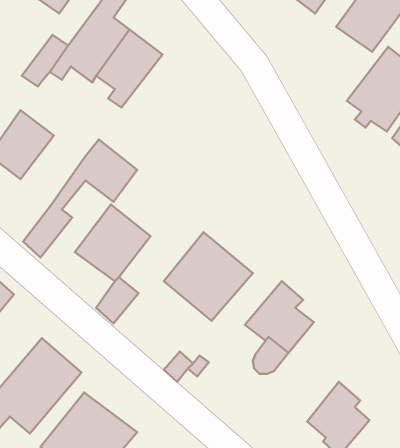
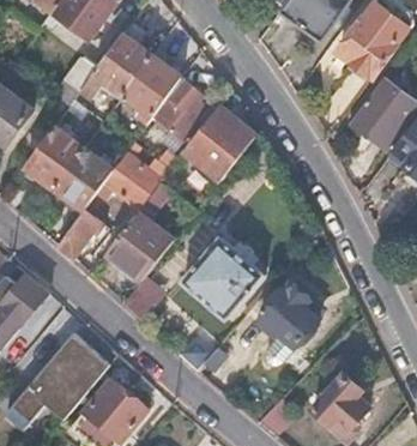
building: none -> [152,80,205,141]
building: none -> [182,104,253,179]
building: none -> [53,150,110,211]

